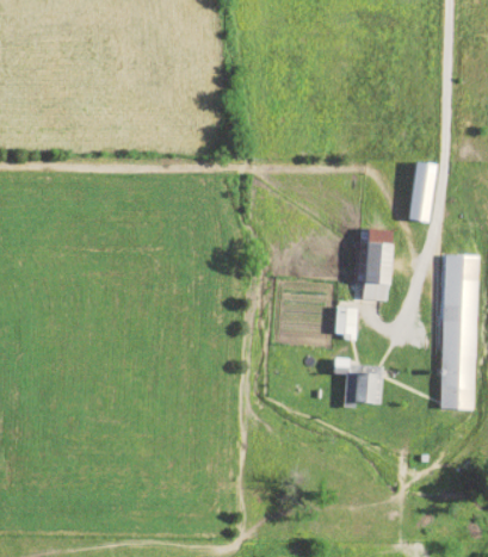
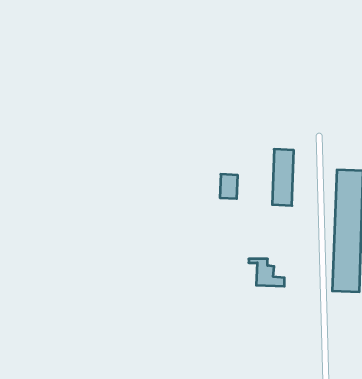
building: [408,160,437,221] -> none
building: [334,305,357,336] -> [220,174,238,199]

